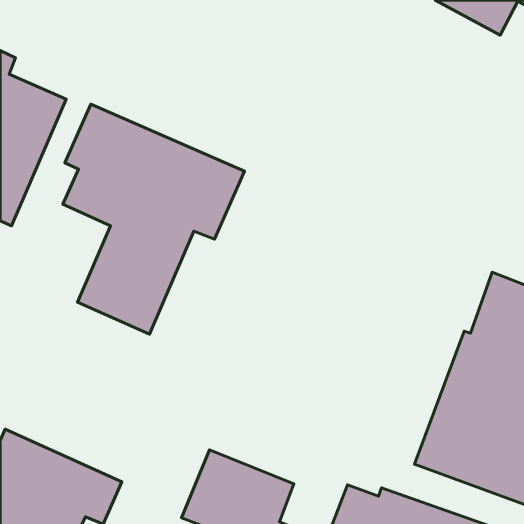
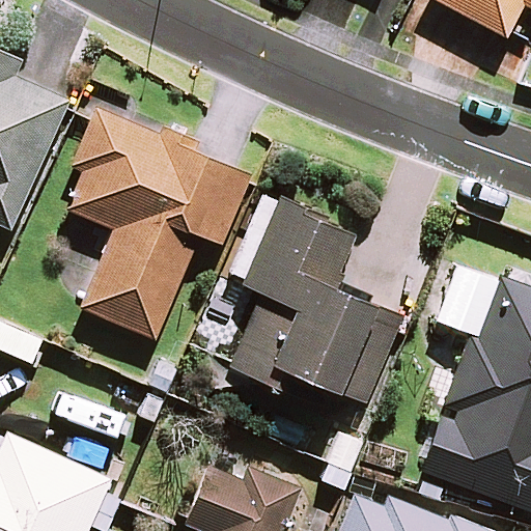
building: none -> [227,191,403,402]

